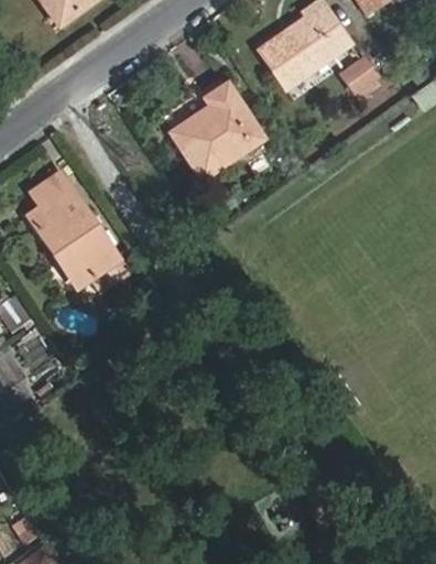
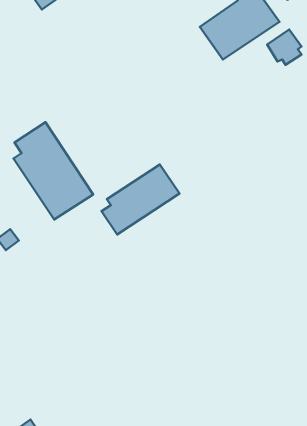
building: [165,79,266,183] -> none
building: none -> [102,165,180,235]

